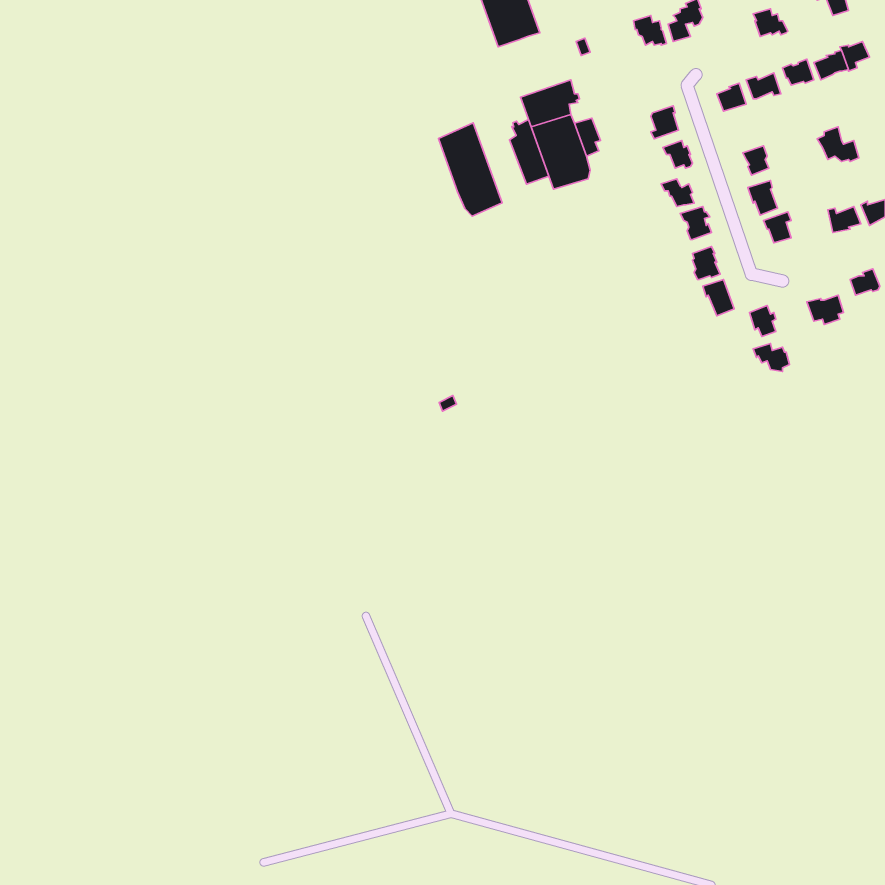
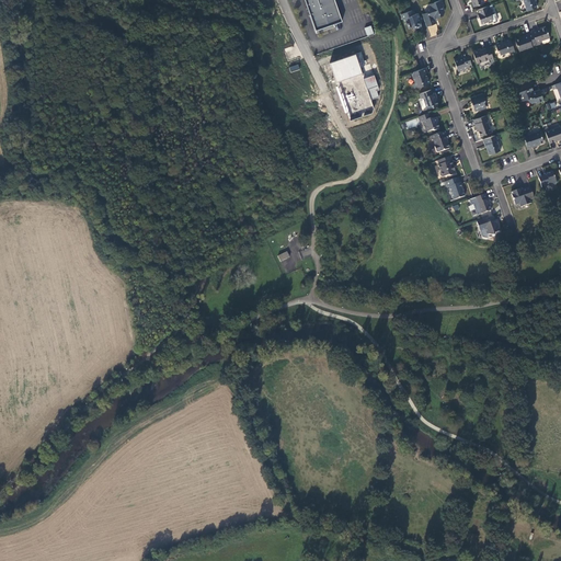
building: [509,119,549,184] -> none
building: [439,123,502,216] -> none

